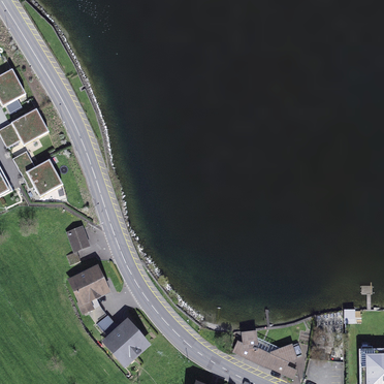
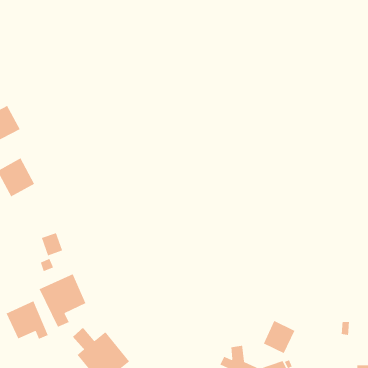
building: none -> [6,300,49,340]
building: none -> [263,320,295,354]

